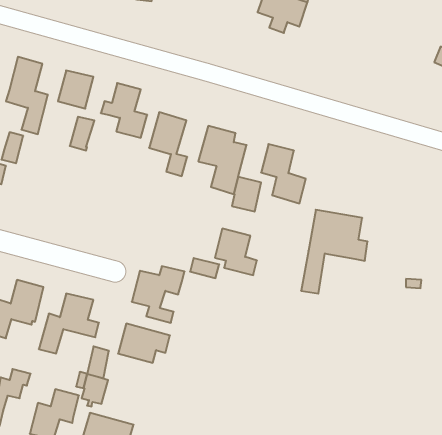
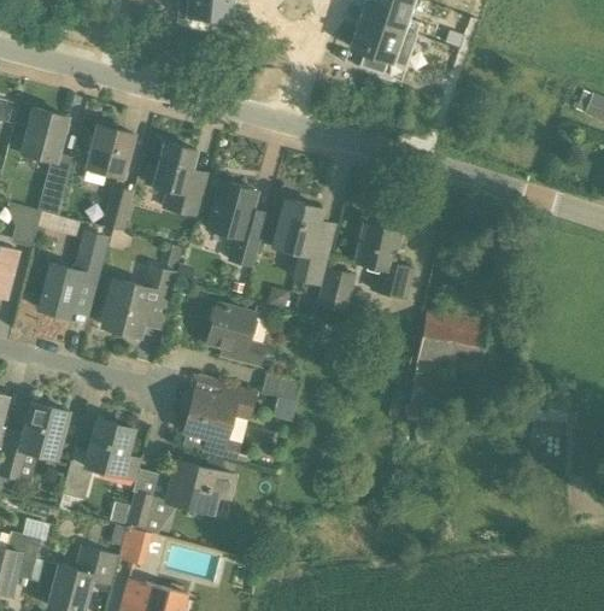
building: none -> [39,231,109,317]
building: none -> [104,246,182,335]
building: [215,229,257,275] -> [209,304,264,365]

